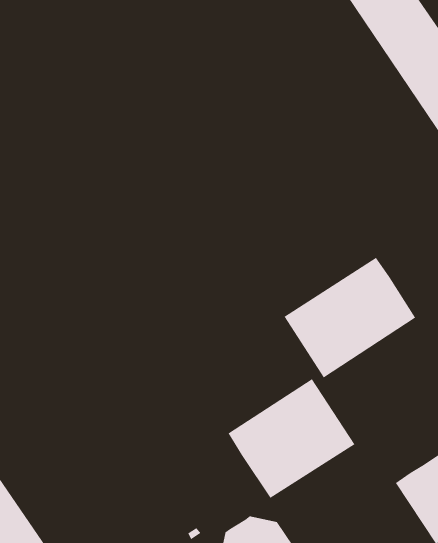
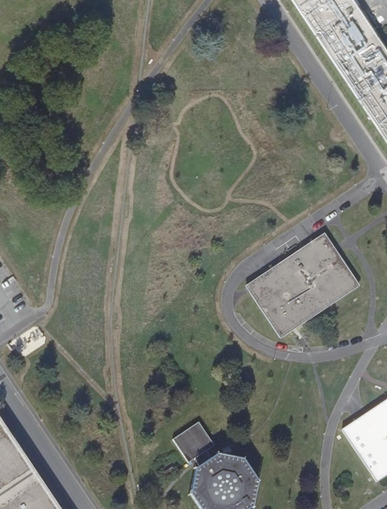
building: [228,378,356,499] -> none
building: none -> [172,422,214,467]

